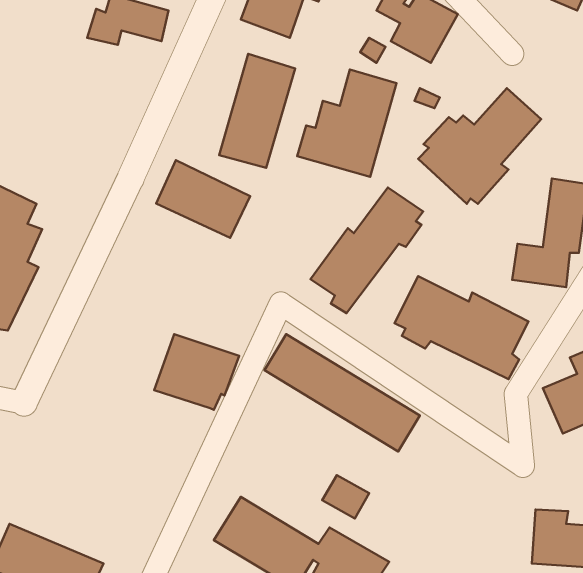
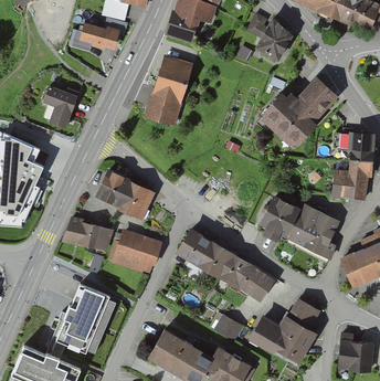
building: [297,69,396,177] -> none
building: none -> [43,86,75,127]
building: [156,160,250,238] -> [95,170,152,218]
building: [311,188,423,313] -> none
building: none -> [61,218,112,250]
building: none -> [54,282,108,351]
building: none -> [249,297,318,362]

